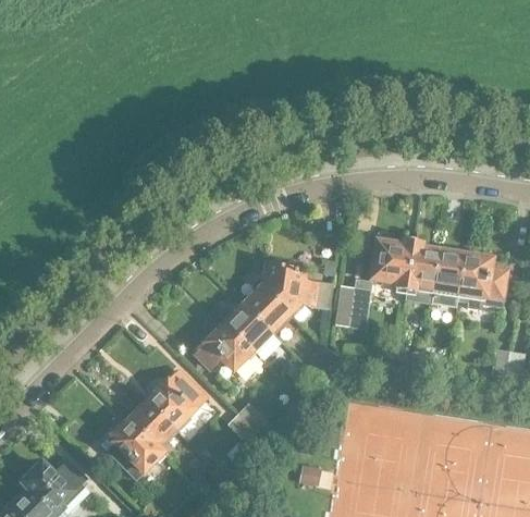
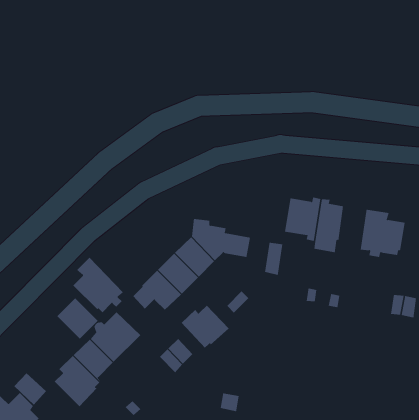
building: [429,248,464,306] -> none
building: none -> [72,257,124,313]
building: none -> [57,298,98,339]
building: none -> [181,305,229,348]
building: none -> [14,372,47,406]

